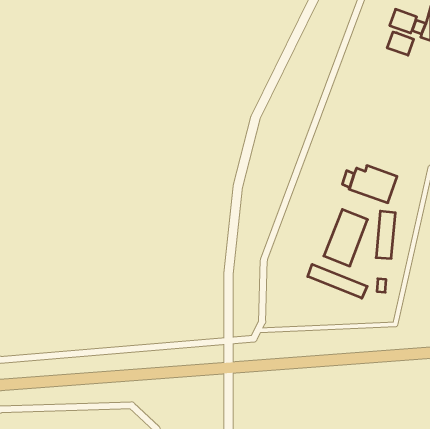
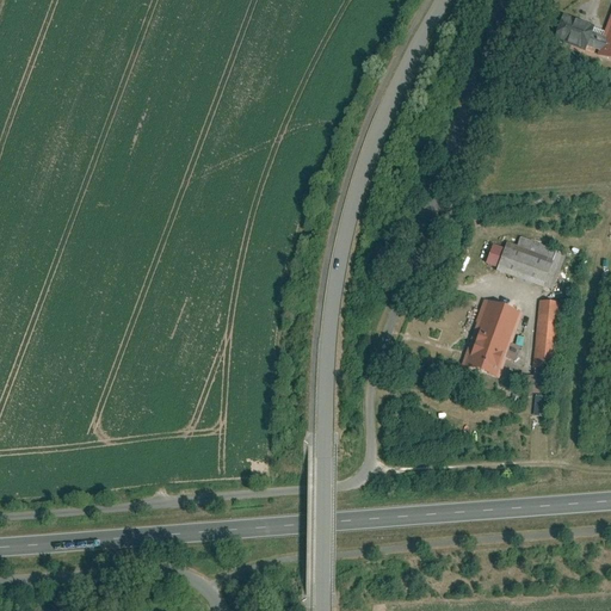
building: [387,32,414,55] -> none
building: [308,264,367,298] -> none

